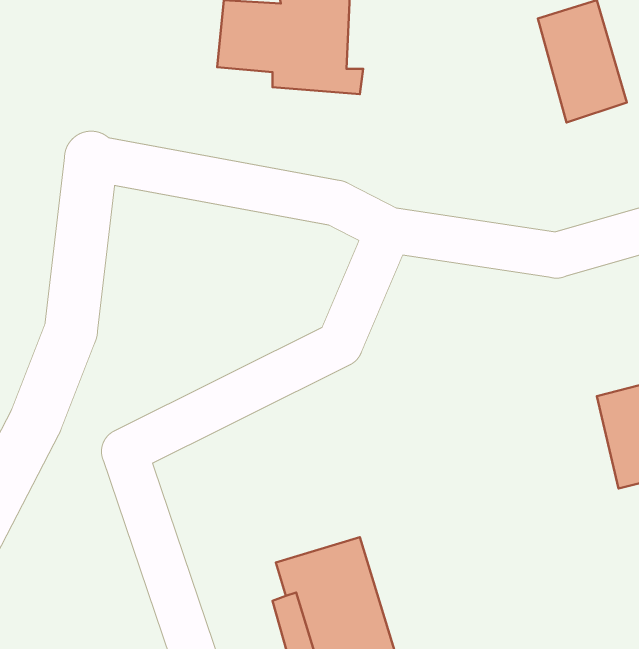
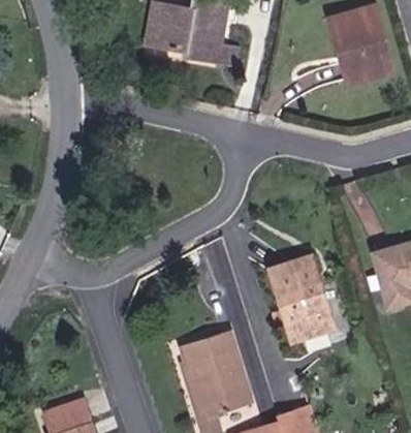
building: none -> [270,250,330,335]

